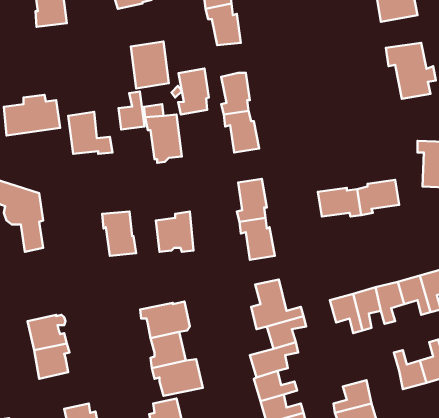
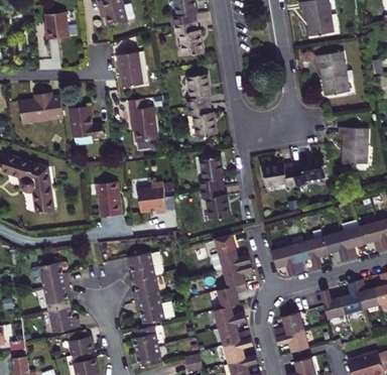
building: [178,68,209,114] -> none
building: [119,92,144,130] -> none
building: none -> [47,305,78,333]

